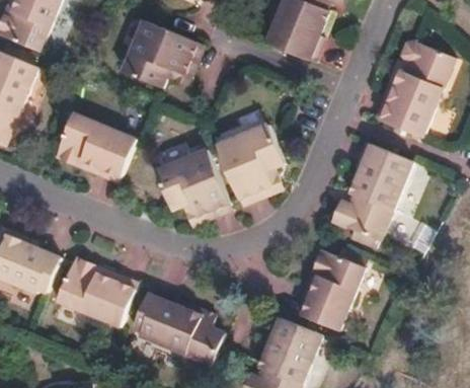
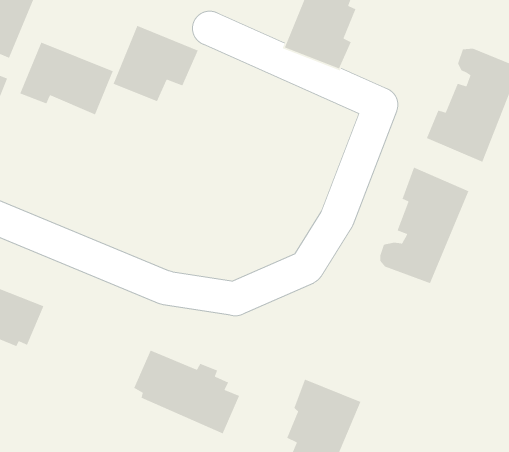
building: [52,112,131,174] -> [19,42,114,116]
building: [211,126,277,198] -> none
building: [146,149,216,214] -> none
building: [306,253,368,332] -> none
building: [60,257,137,326] -> none

